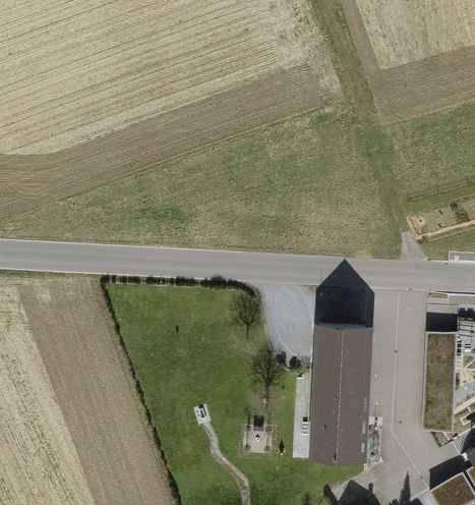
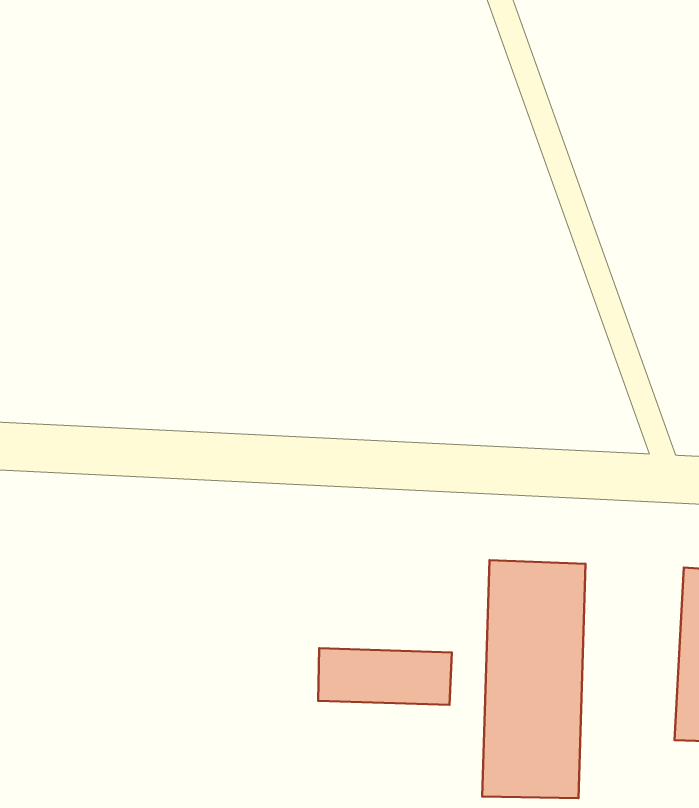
building: none -> [318,648,452,705]

